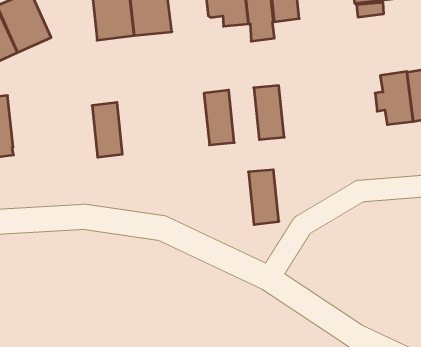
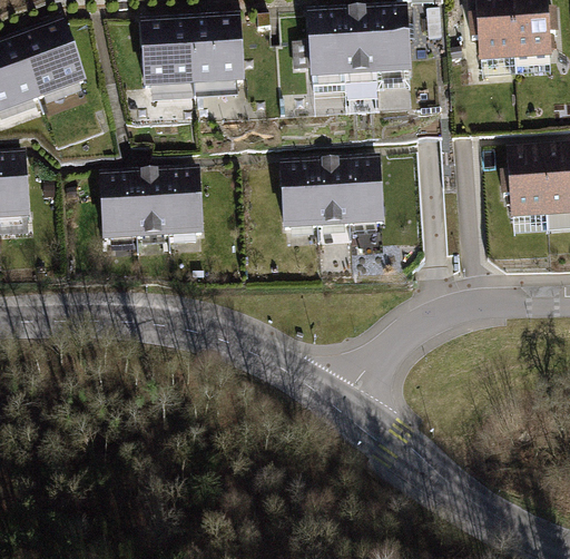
building: none -> [168,169,204,237]
building: none -> [104,173,139,241]
building: [248,170,279,225] -> [313,161,348,231]

